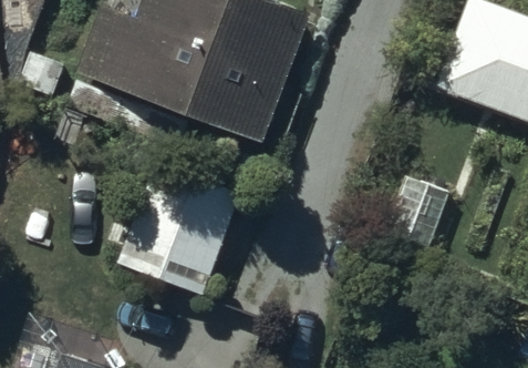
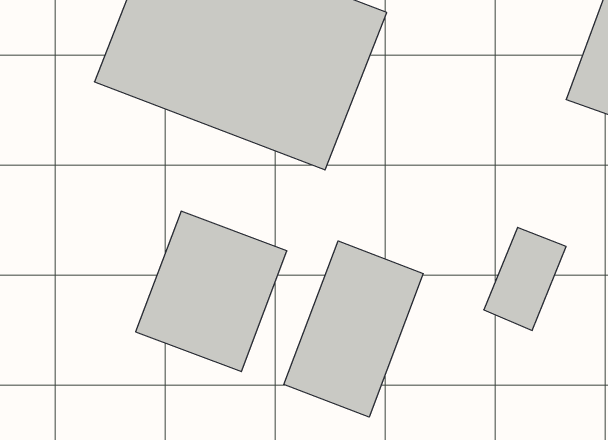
building: none -> [284,241,423,417]

